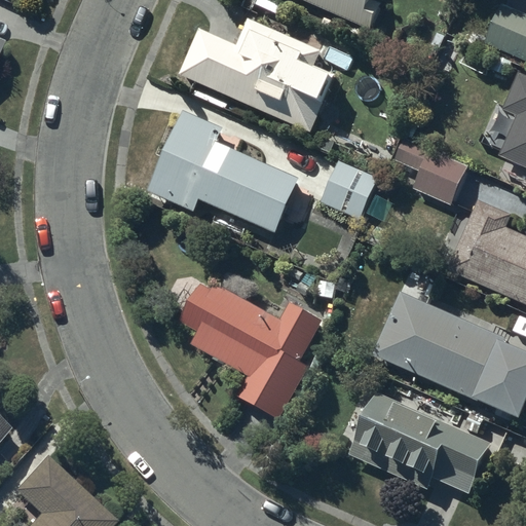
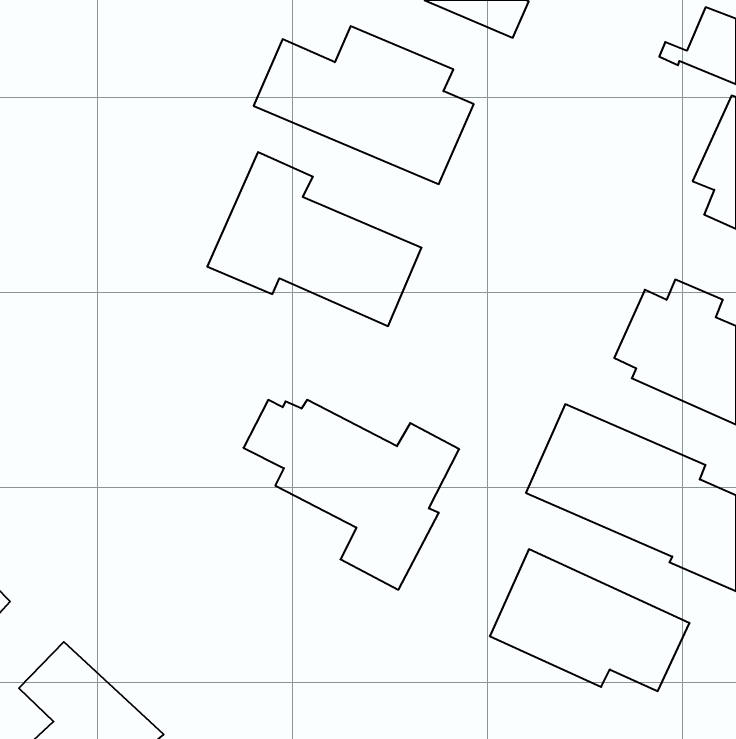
building: [396,138,469,204] -> none
building: [318,160,376,219] -> none

